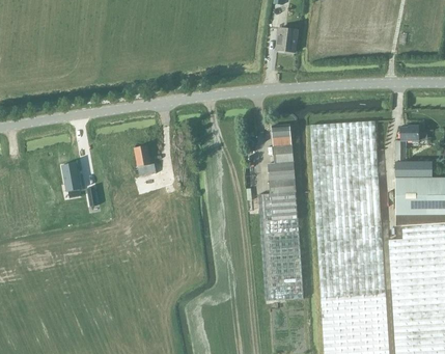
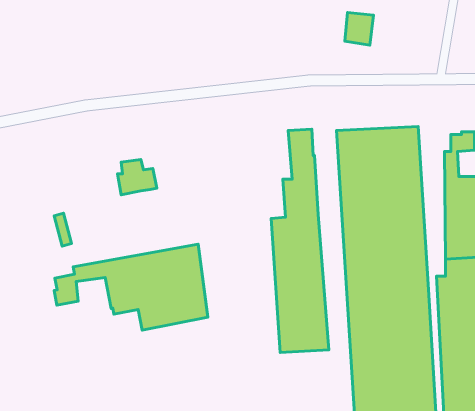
building: [277,28,300,54] -> [345,12,374,45]
building: [62,163,82,192] -> none
building: none -> [54,244,208,330]

